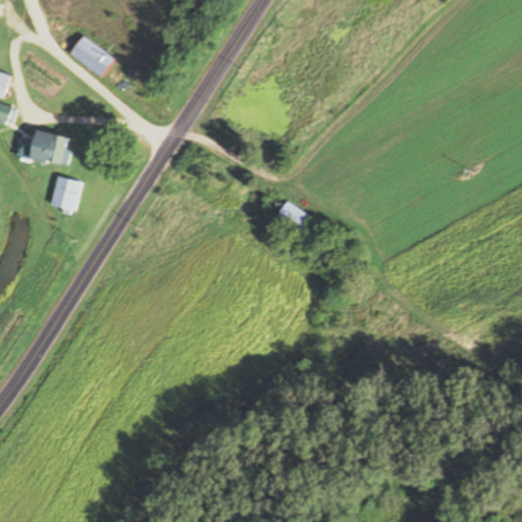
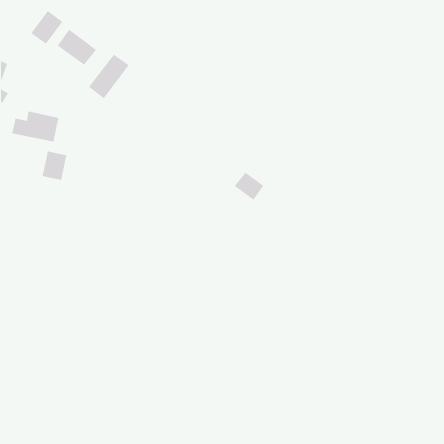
building: none -> [31,10,63,44]
building: none -> [88,54,129,99]

